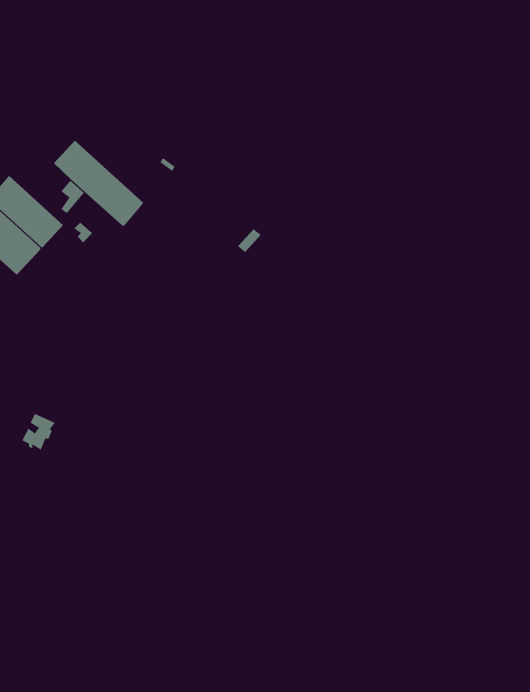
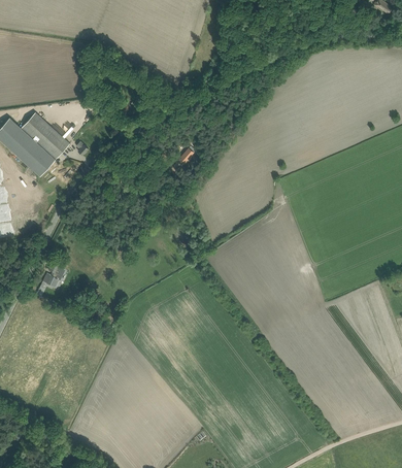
building: [53,140,144,226] -> none

